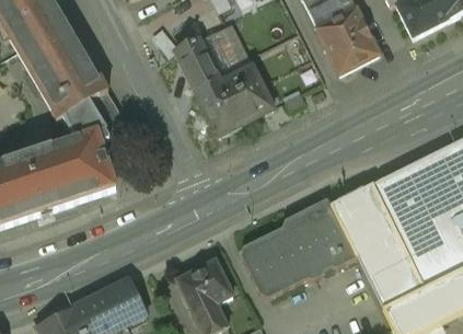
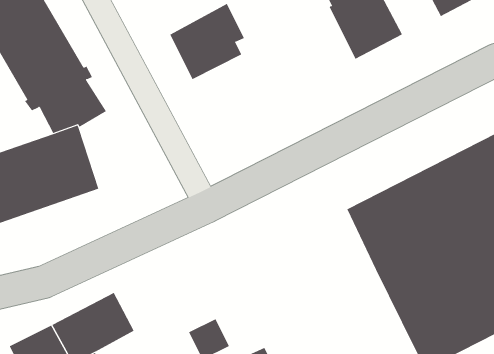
building: [196,64,273,135] -> none
building: [241,198,356,296] -> none
building: [175,258,231,312] -> none

